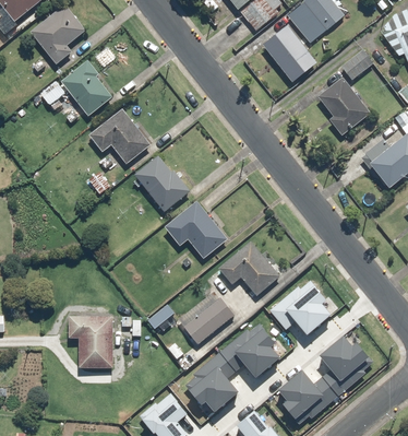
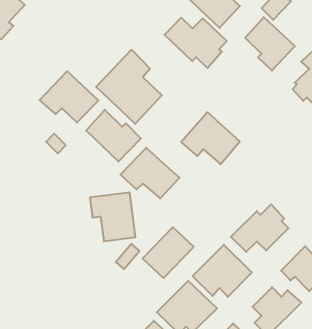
building: [60,60,112,117] -> none
building: none -> [164,18,227,68]
building: none -> [96,50,162,124]
building: [216,239,279,297] -> [181,112,240,164]
building: [69,318,112,367] -> [90,192,136,241]

